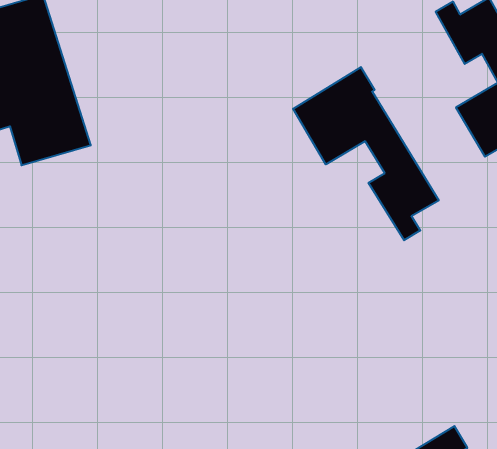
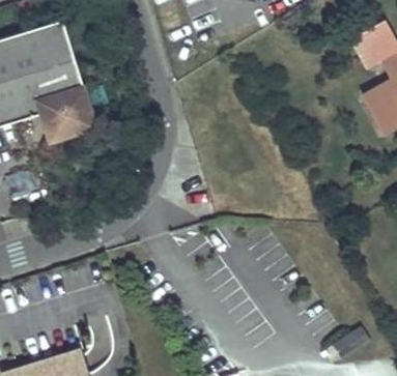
building: [293,67,439,240] -> none

